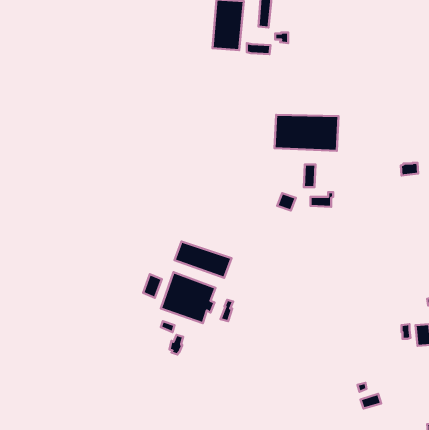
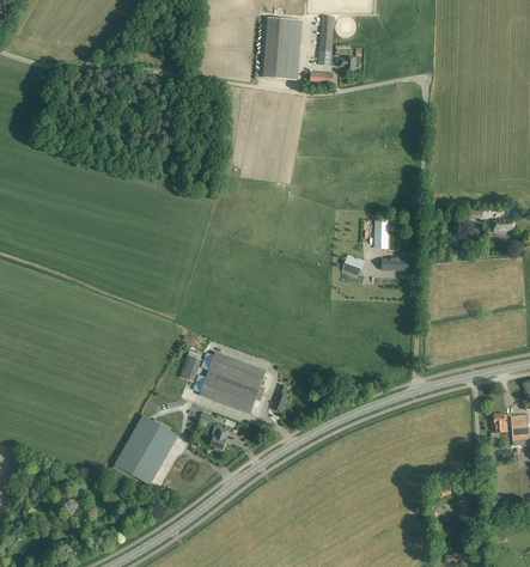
building: [274,115,339,151] -> none
building: [175,241,231,278] -> none
building: none -> [115,414,178,484]

